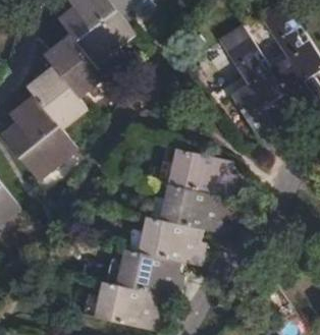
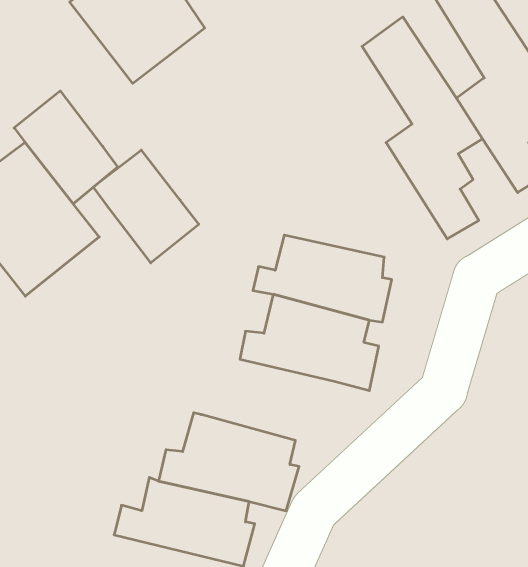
building: [46,35,104,97] -> [93,150,199,263]
building: [131,212,209,263] -> none

